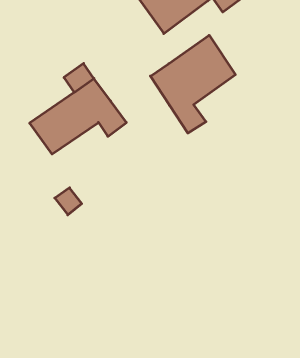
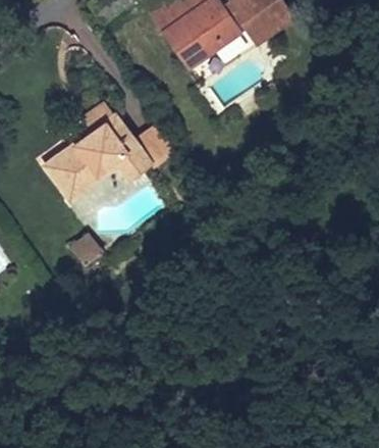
building: [150,35,235,133] -> none
building: none -> [132,123,177,168]

